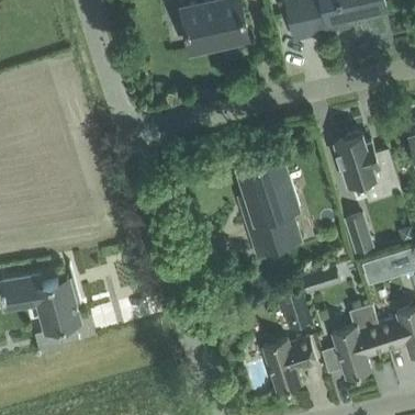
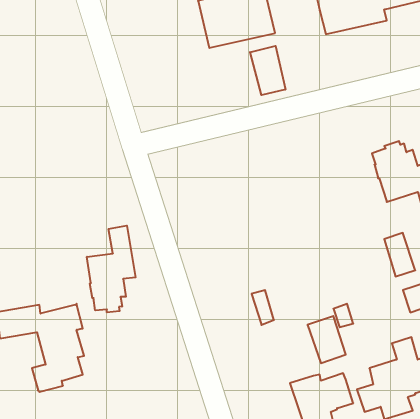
building: none -> [250,46,285,95]
building: [236,154,299,256] -> none
building: none -> [87,226,136,312]

